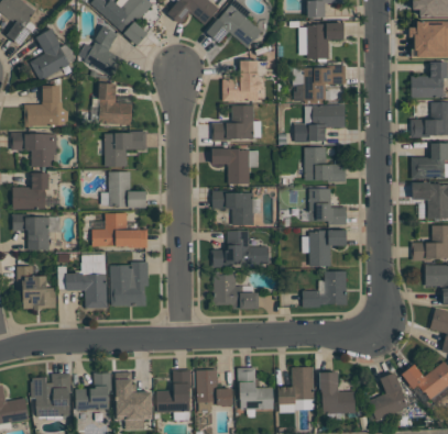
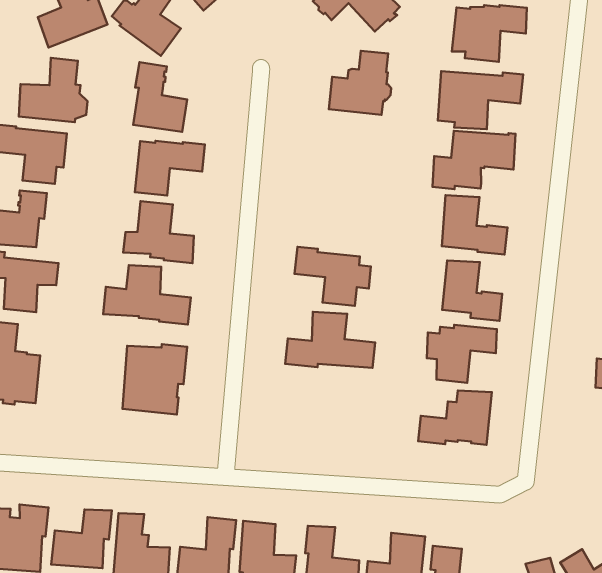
building: [212,105,261,141] -> none
building: [211,148,259,183] -> none
building: [57,252,107,308] -> none
building: [214,271,259,310] -> none

